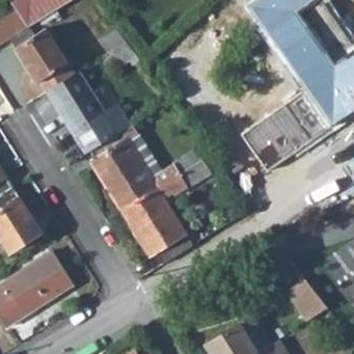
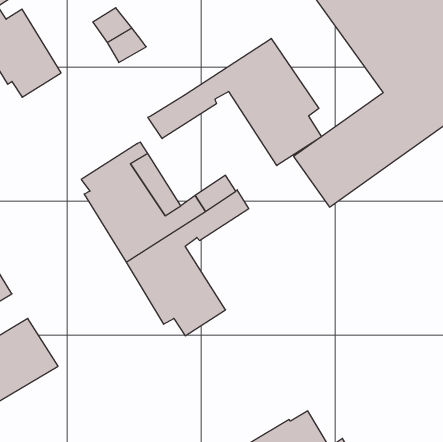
building: none -> [148,38,321,166]
building: [47,72,130,154] -> none
building: [284,278,325,321] -> none

